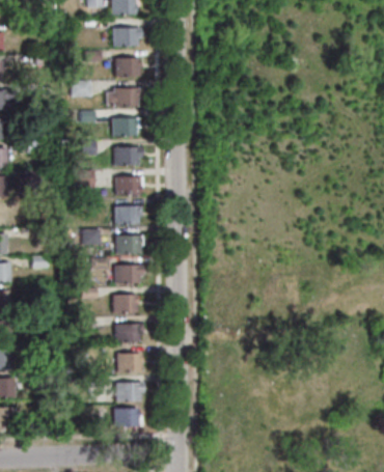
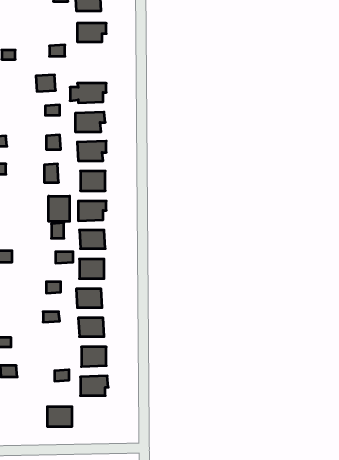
building: [115,58,140,78] -> none
building: none -> [49,196,70,221]
building: [114,408,139,427] -> [47,407,72,426]

